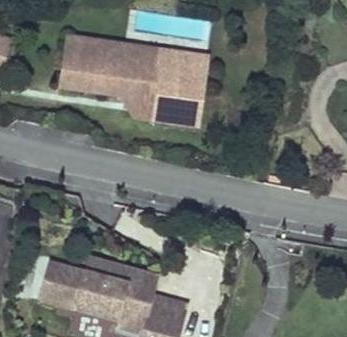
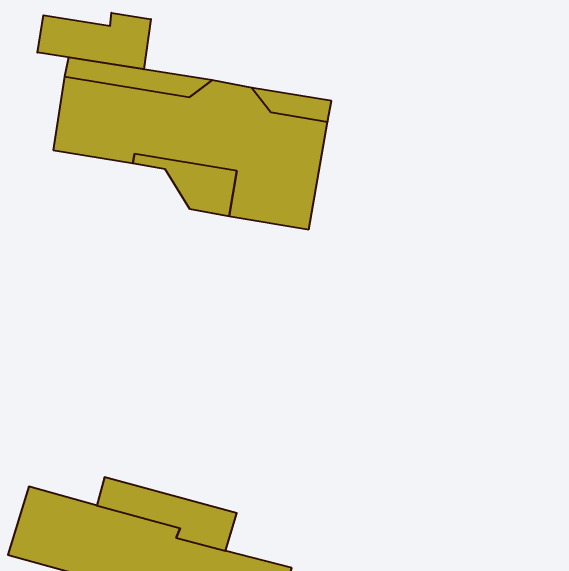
building: none -> [37,13,151,69]

